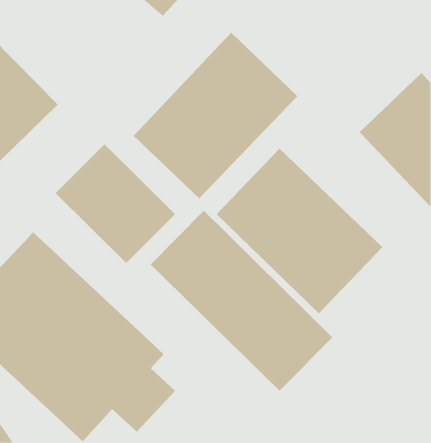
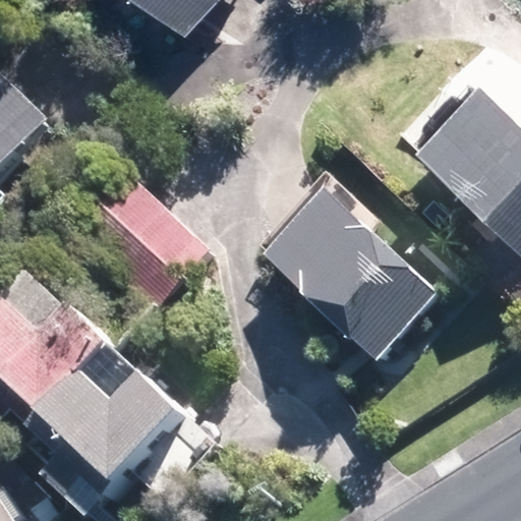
building: [133,32,298,199] -> none
building: [150,210,333,392] -> none

